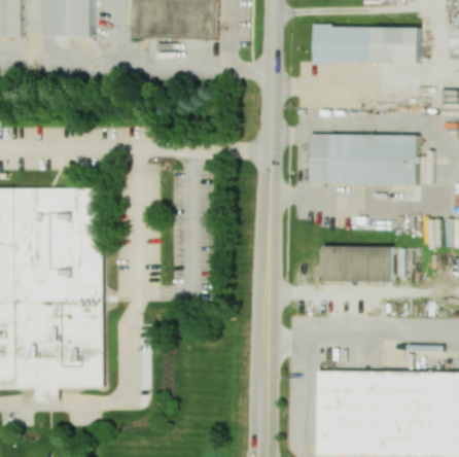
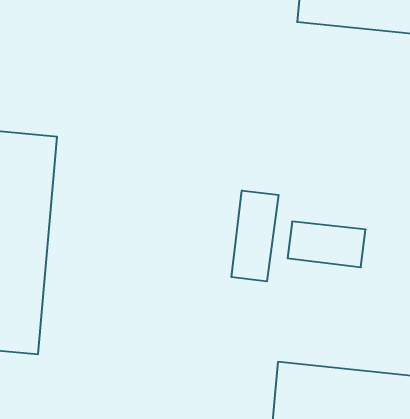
building: [307,133,416,184] -> none
building: none -> [231,190,279,281]

